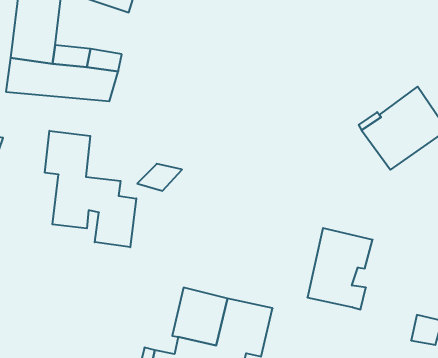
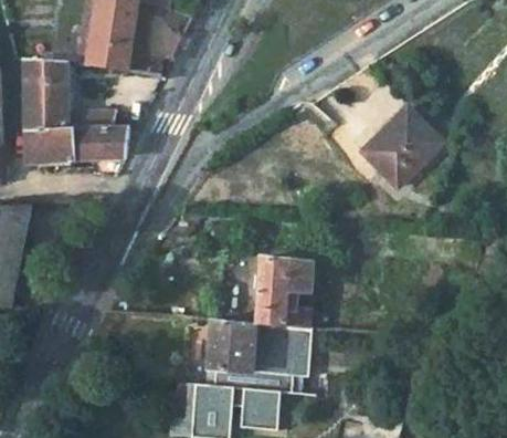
building: [45,131,136,247] -> none
building: [307,228,373,309] -> [256,260,309,331]

